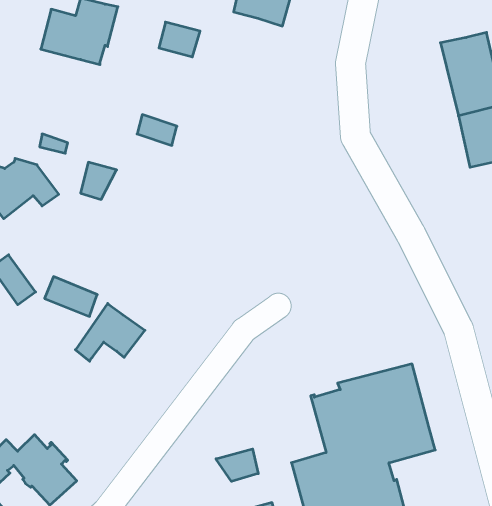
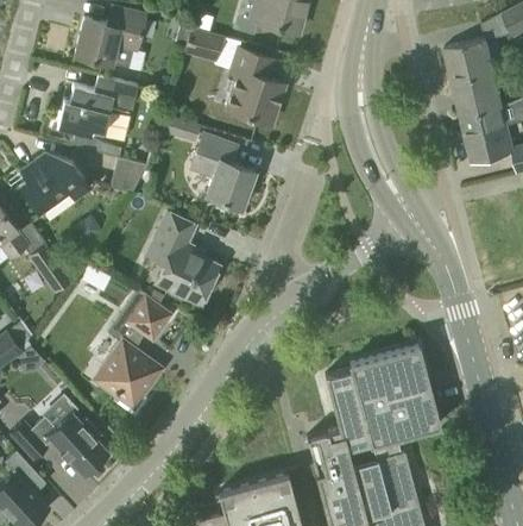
building: none -> [226,49,285,125]
building: none -> [57,76,138,137]
building: none -> [190,134,256,208]
building: none -> [151,214,218,303]
building: none -> [94,340,162,418]
building: [216,449,258,481] -> none

